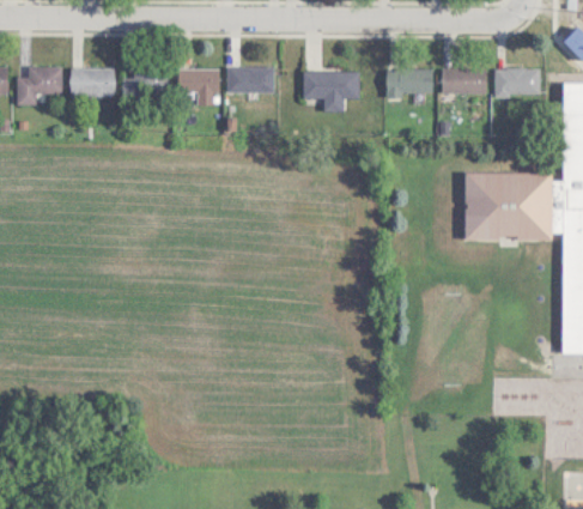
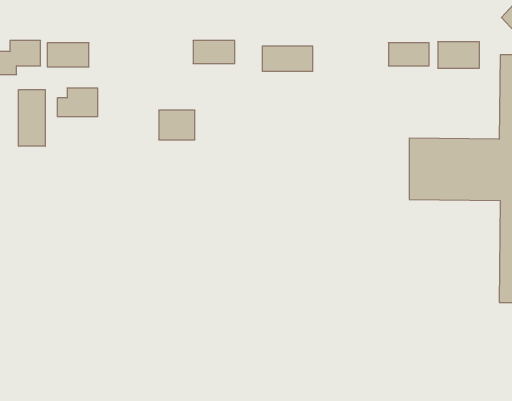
building: [123,67,168,98] -> [57,88,98,117]
building: [180,68,219,101] -> [159,110,195,140]
building: [393,68,433,92] -> none
building: none -> [19,90,45,146]

